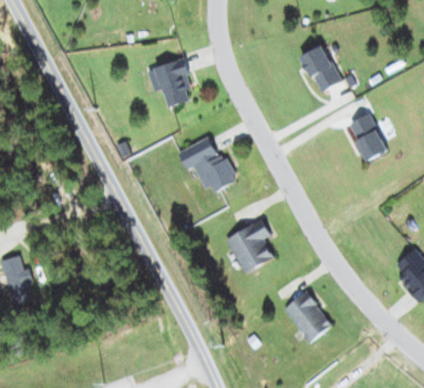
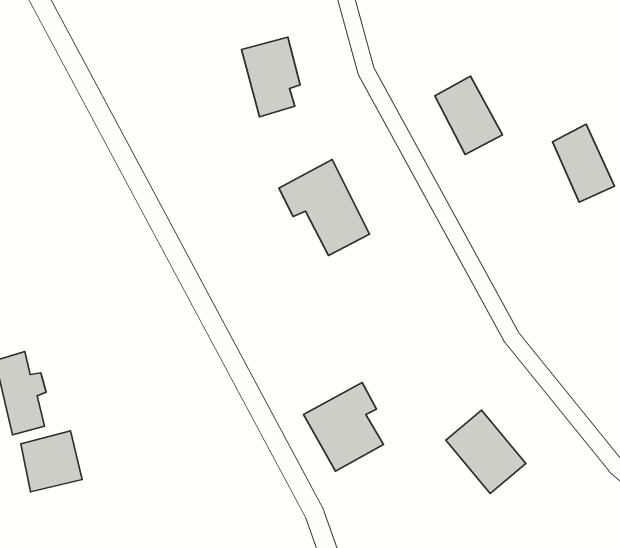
building: [300,44,342,93] -> [435,76,502,154]
building: [225,218,275,274] -> [304,382,383,471]
building: none -> [21,431,82,492]

